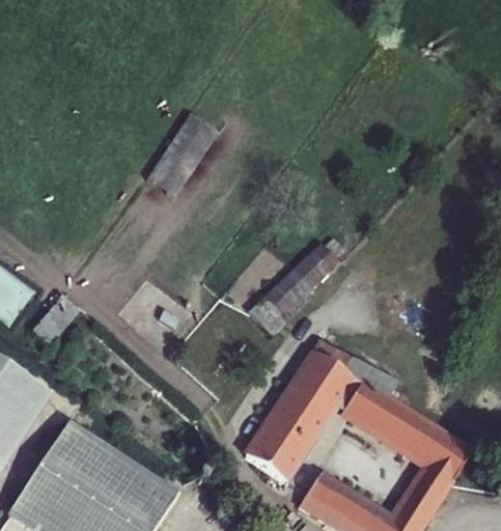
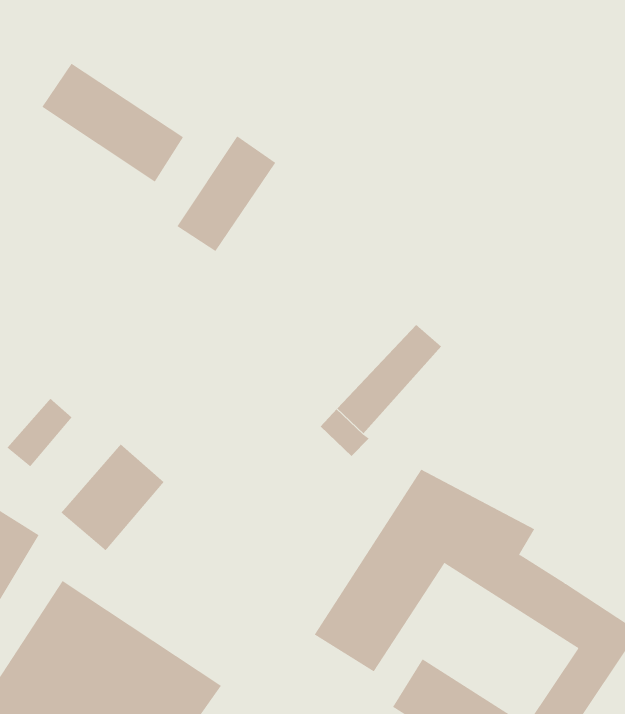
building: none -> [41,63,184,183]
building: none -> [61,443,164,551]

